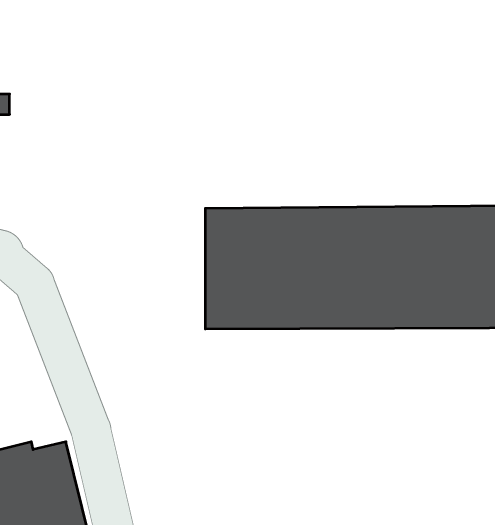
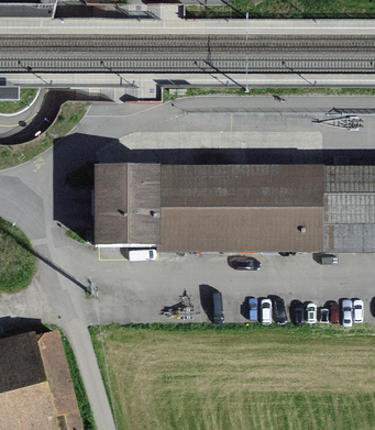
building: none -> [93,166,156,247]

